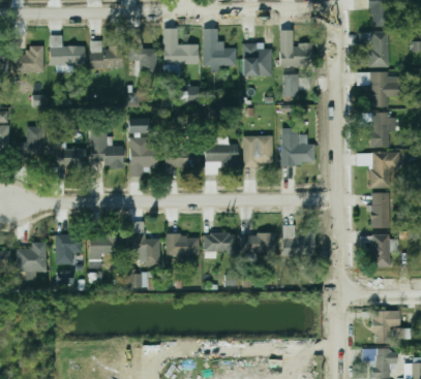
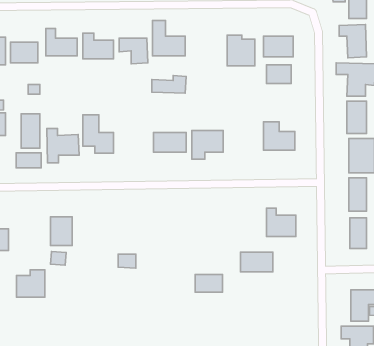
building: [203,45,235,66] -> none
building: [130,127,158,167] -> none
building: [244,136,272,166] -> none
building: none -> [16,153,41,168]
building: [241,232,275,253] -> [240,252,273,272]
building: [204,233,233,252] -> [195,274,223,292]
building: [131,234,159,265] -> none
building: [166,234,199,255] -> none
building: [89,236,123,260] -> none
building: [17,243,47,272] -> [16,270,45,297]

